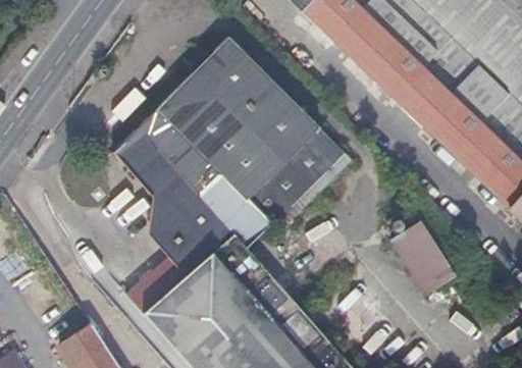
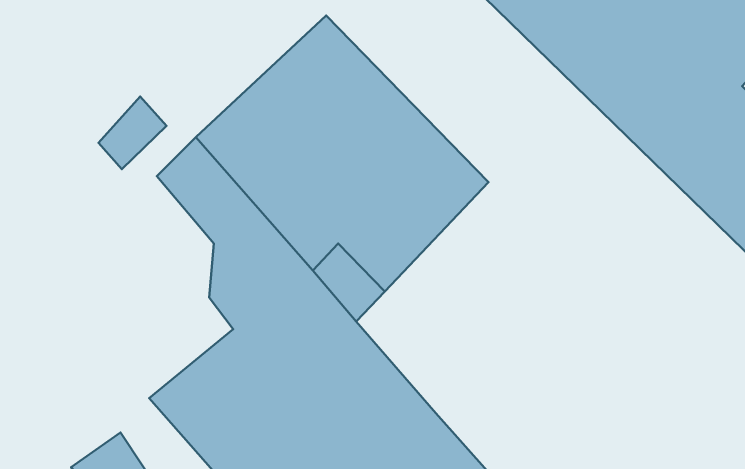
building: none -> [98,97,167,169]
building: [398,227,459,299] -> none

